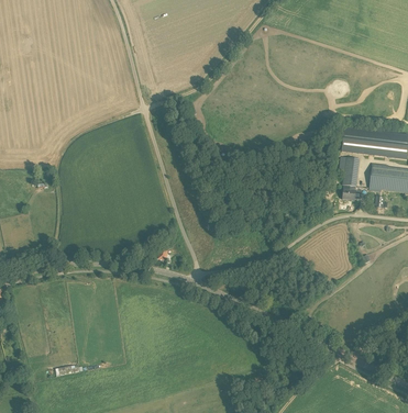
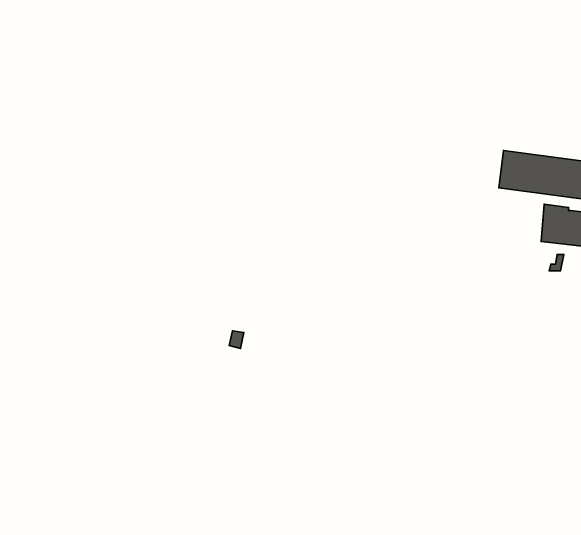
building: [339,157,360,200] -> none

